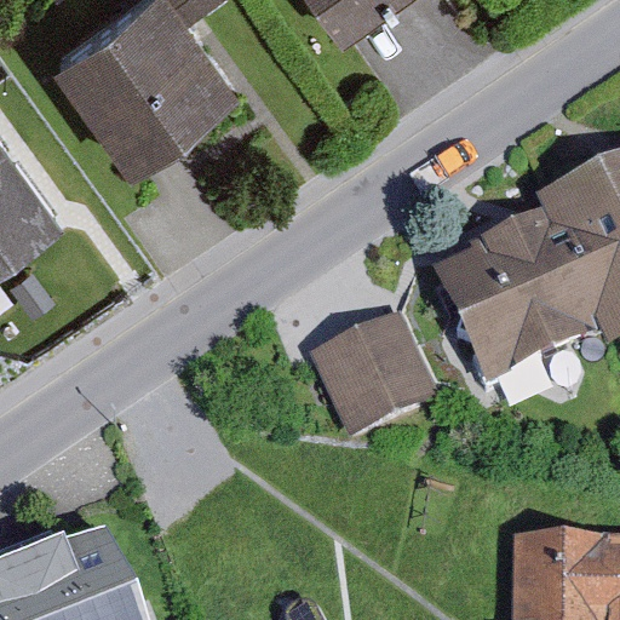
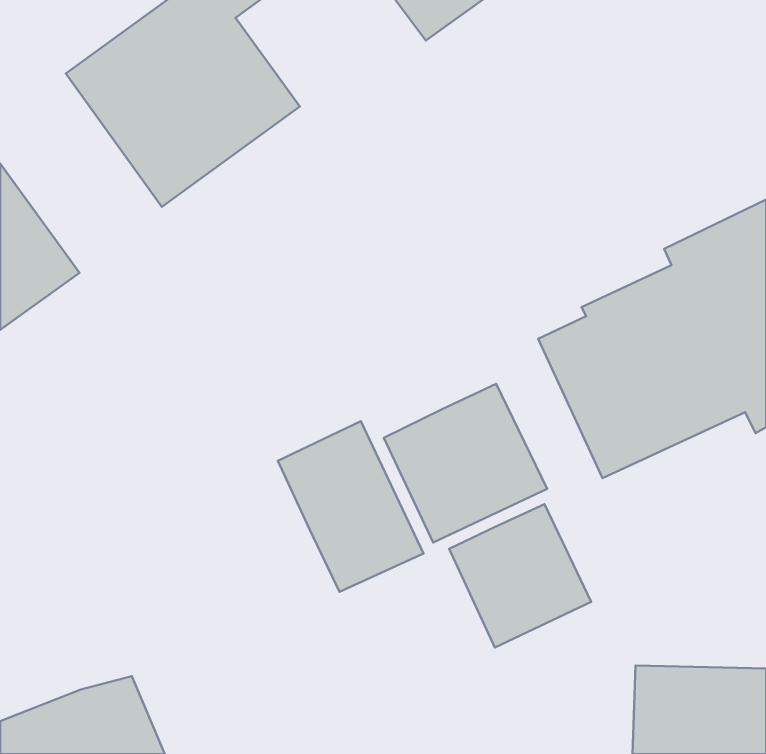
building: none -> [278,421,423,592]
building: none -> [449,504,591,647]

